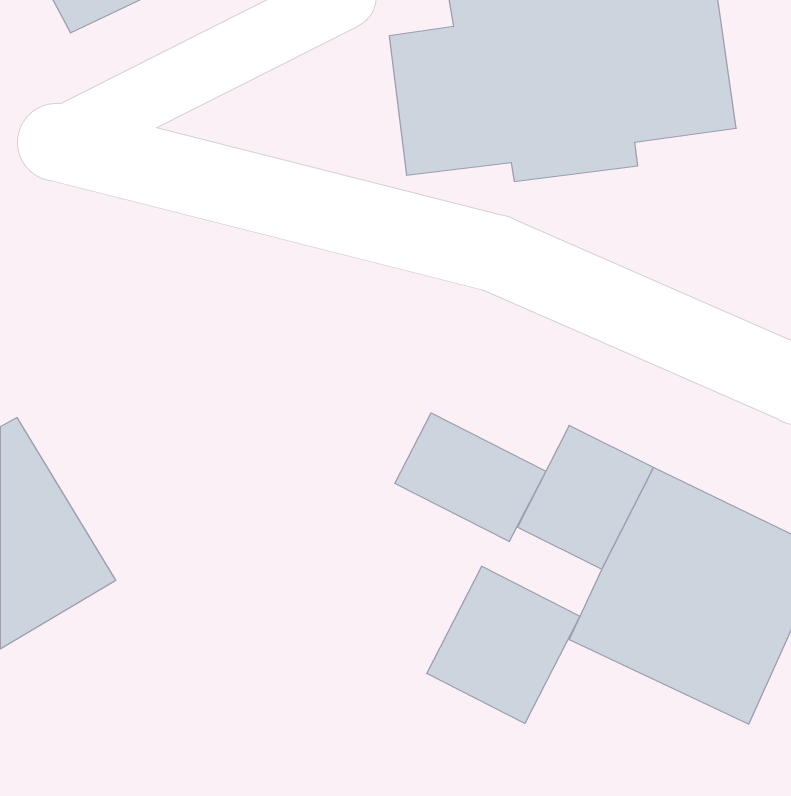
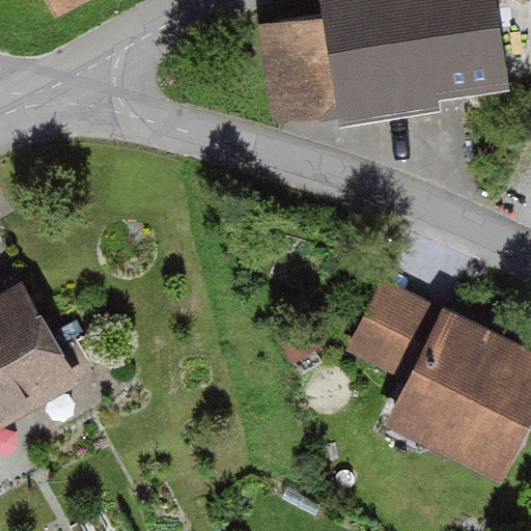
building: [395,413,546,542] -> none
building: [427,566,580,723] -> none

